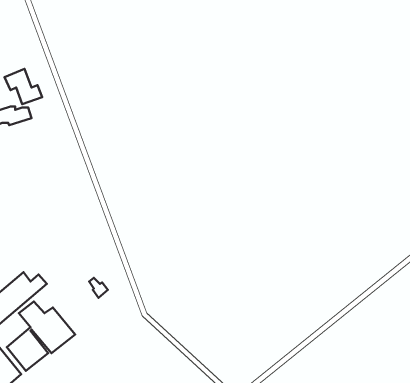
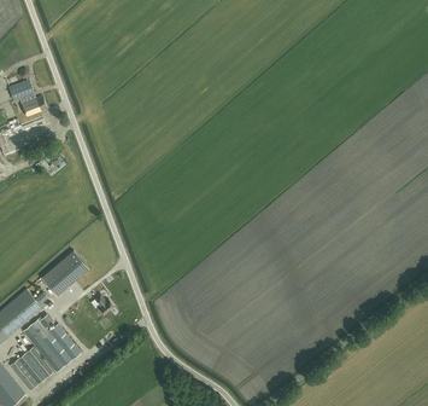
building: none -> [41,249,89,295]

